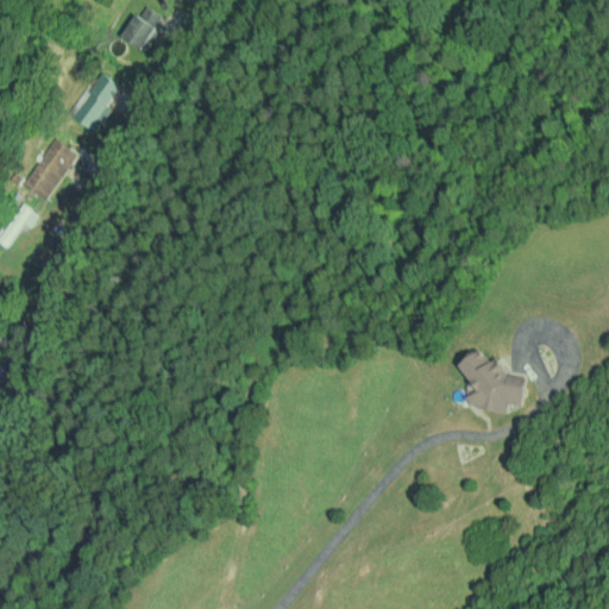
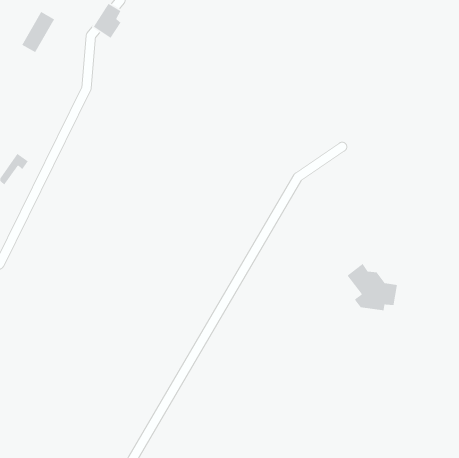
building: [74,74,119,130] -> [21,11,55,53]
building: [23,138,77,201] -> none

